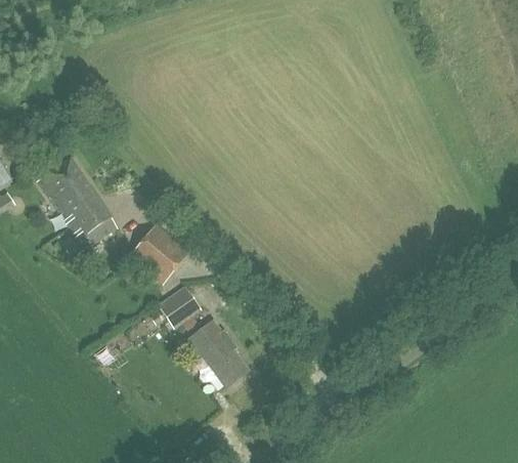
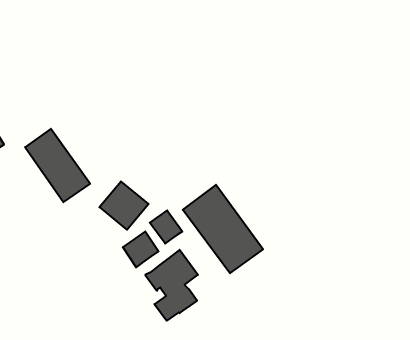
building: none -> [183,185,263,273]
building: none -> [150,210,182,244]

